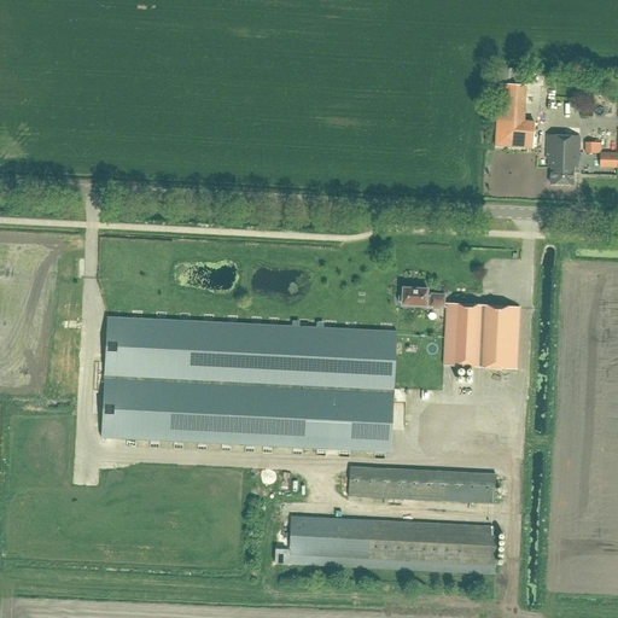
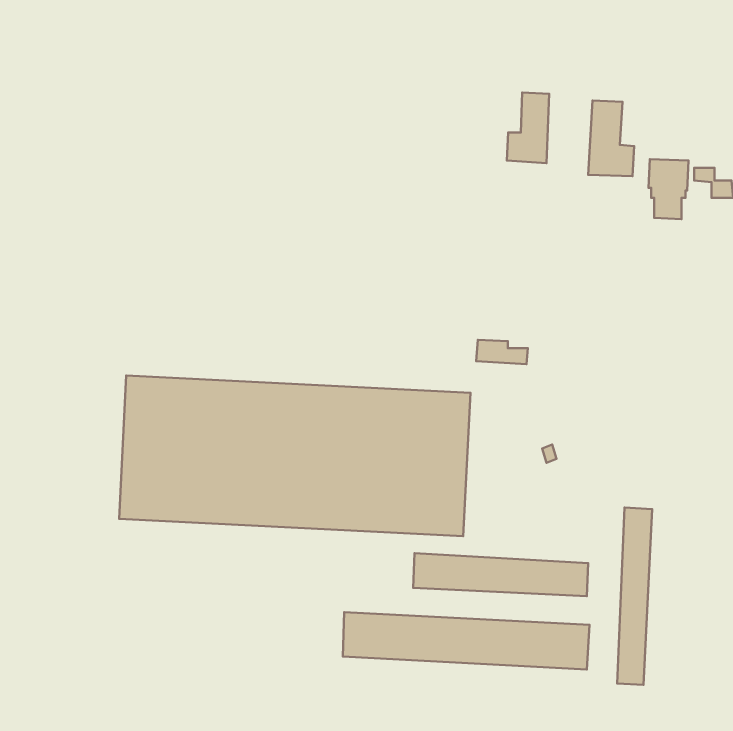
building: none -> [507,93,549,163]
building: [442,302,519,368] -> none
building: none -> [617,508,652,685]

